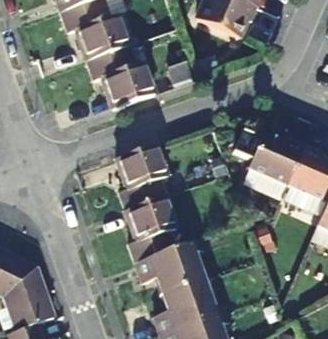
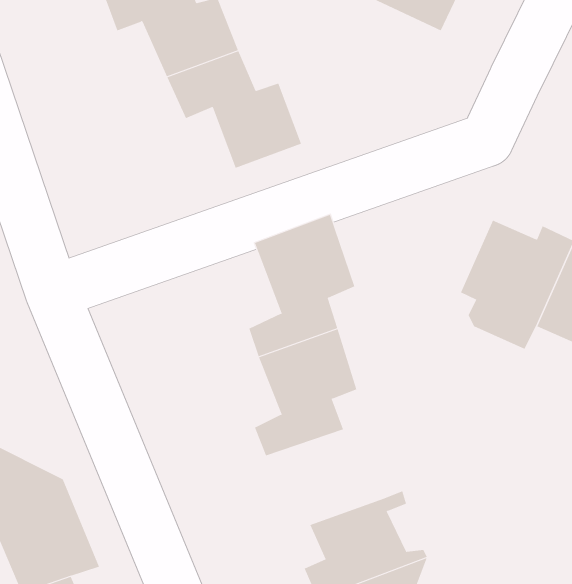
building: [142,237,207,294] -> none

